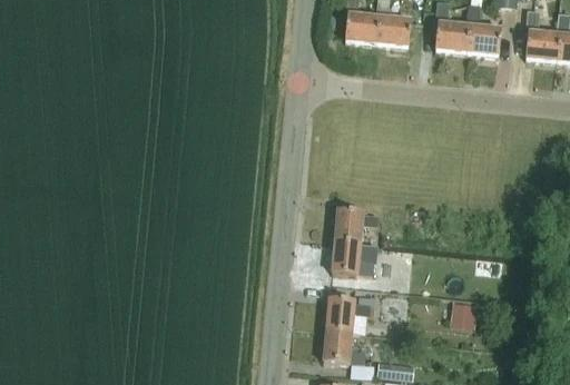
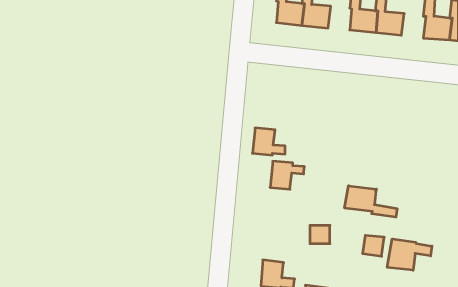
building: none -> [345,186,397,217]
building: [332,241,372,275] -> [252,128,285,155]
building: [326,299,370,334] -> none
building: none -> [387,239,432,270]

